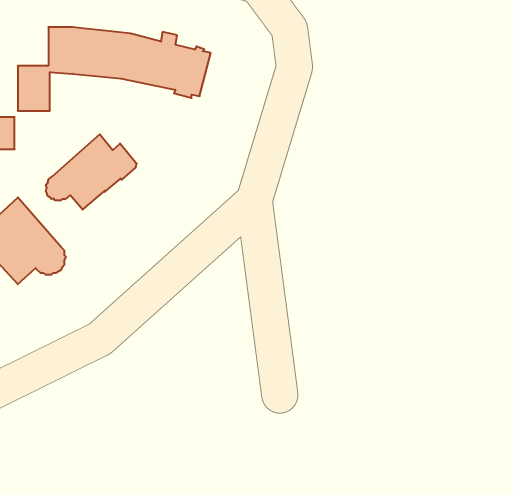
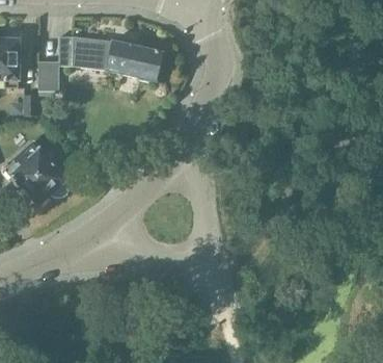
building: [46,134,137,210] -> none

